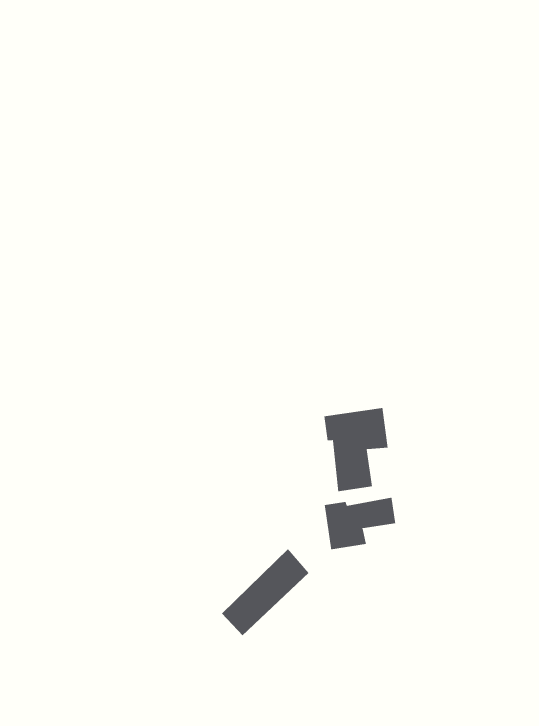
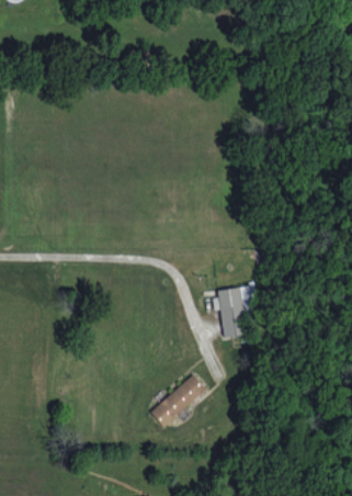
building: [324,497,396,550] -> none

